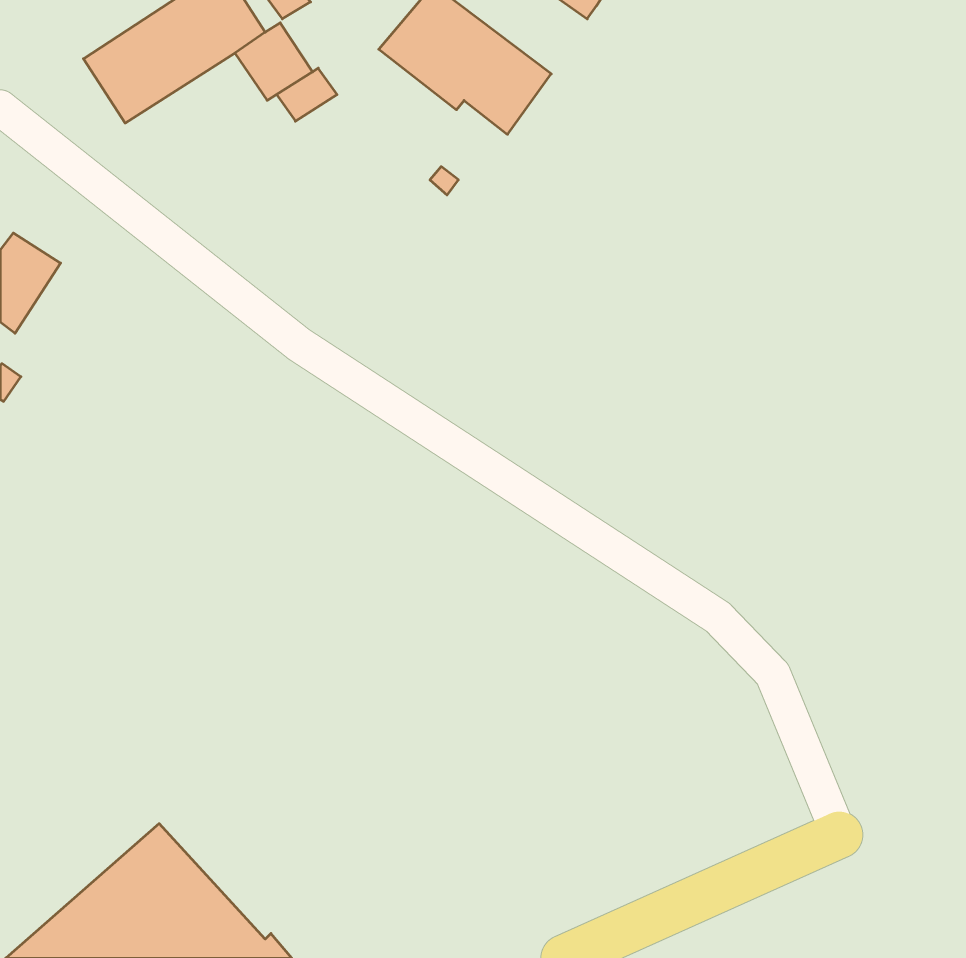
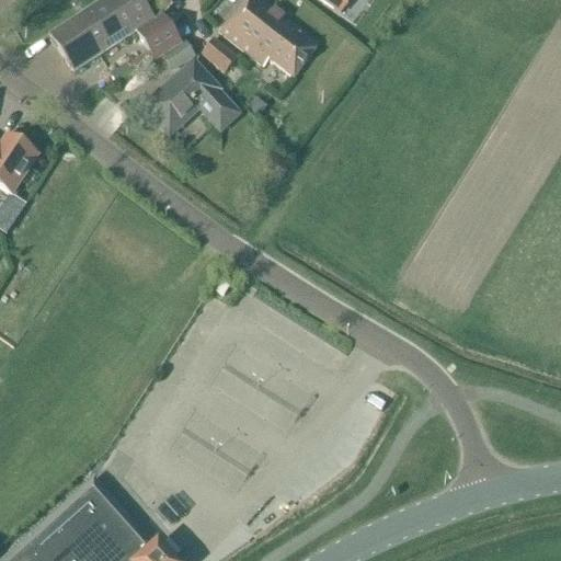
building: none -> [201,36,239,71]
building: none -> [145,60,239,134]

